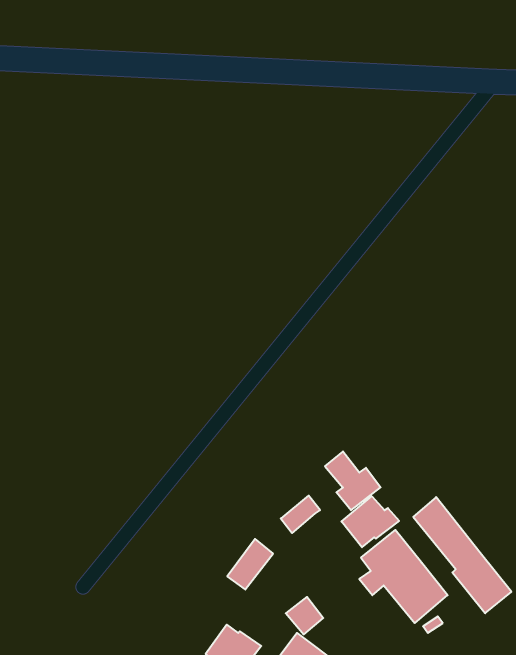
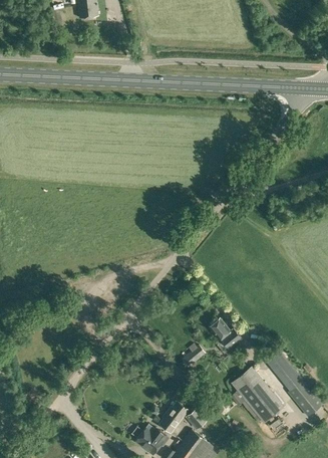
building: [341,496,399,547] -> none
building: [227,539,273,590] -> [159,401,188,432]

